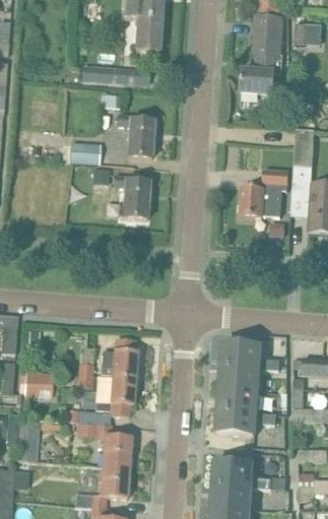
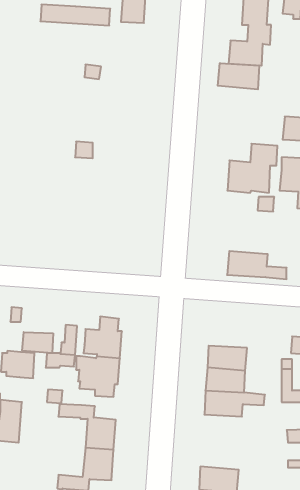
building: [83,65,151,85] -> [40,5,110,25]
building: none -> [218,63,259,89]
building: [119,114,154,158] -> none
building: [61,142,101,163] -> none
building: [115,175,150,219] -> none
building: [222,343,280,371] -> [227,251,287,279]
building: none -> [22,332,53,353]
building: [214,462,272,489] -> none

